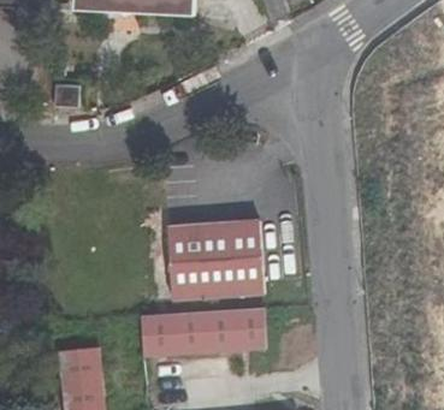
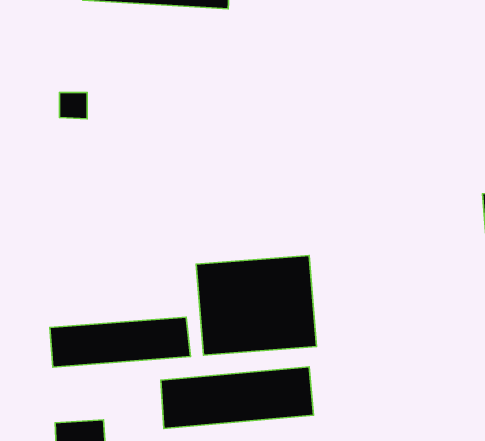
building: none -> [50,317,190,367]

